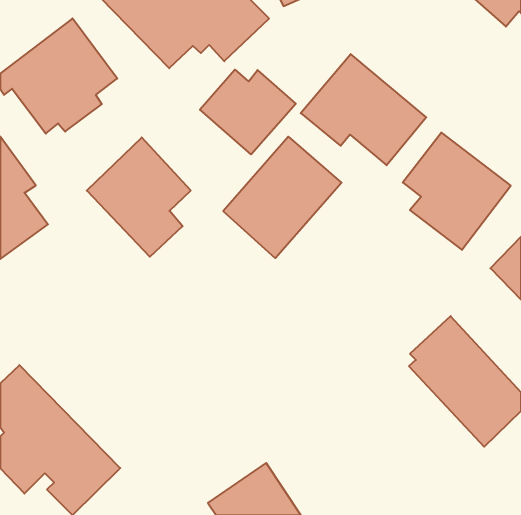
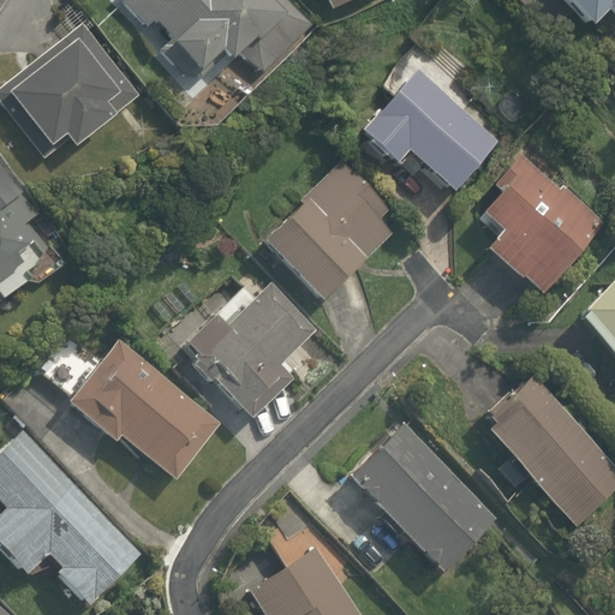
building: [200,70,296,154] -> none
building: [87,137,191,257] -> [181,281,304,422]
building: none -> [46,338,217,480]
building: none -> [345,422,504,583]

